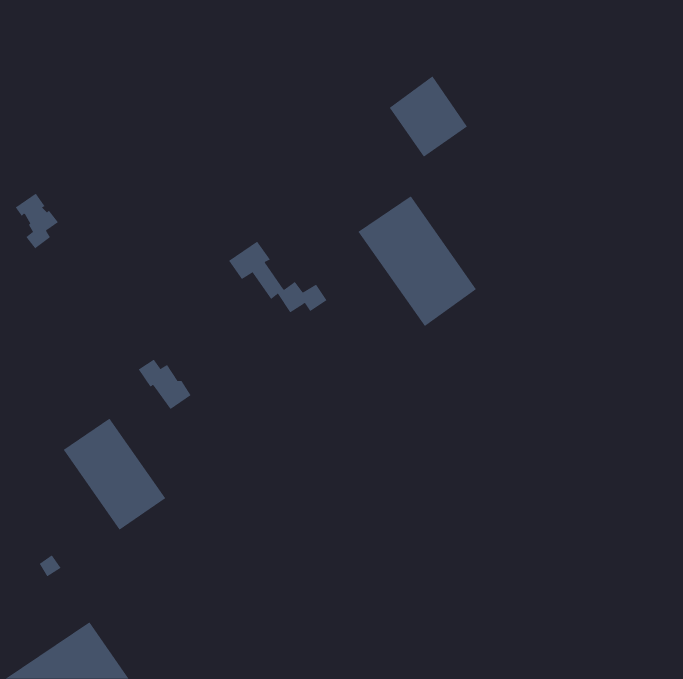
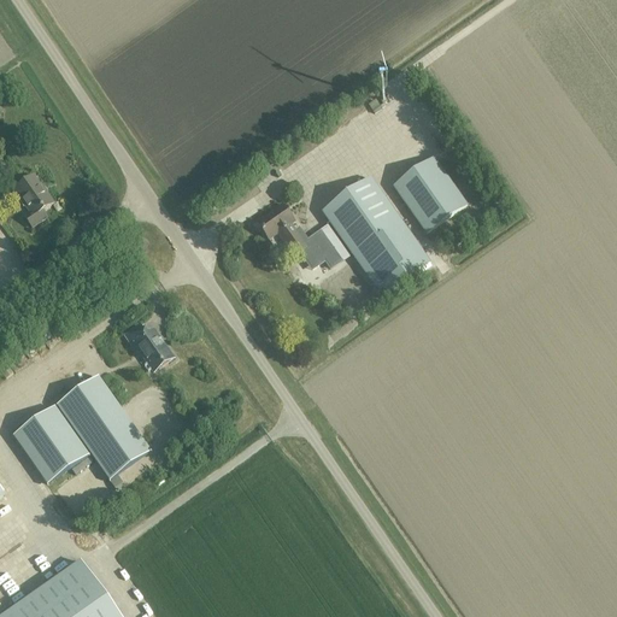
building: [389,76,468,157] -> [394,157,465,230]
building: [228,241,330,313] -> [255,201,347,266]
building: none -> [13,406,87,481]

